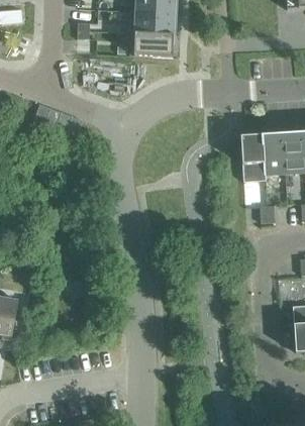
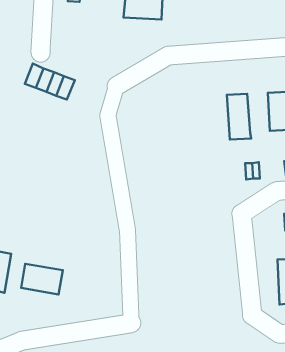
building: [262,132,285,174] -> none
building: none -> [21,264,63,294]

